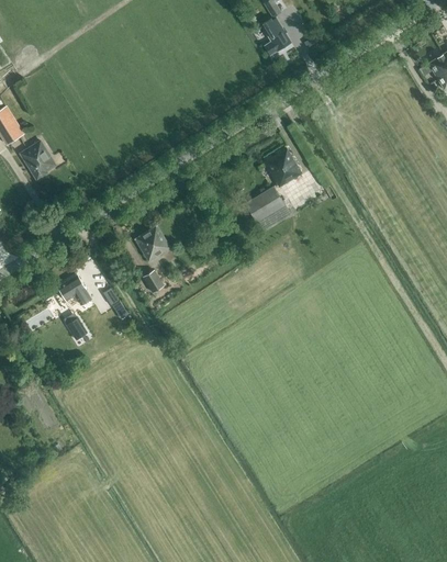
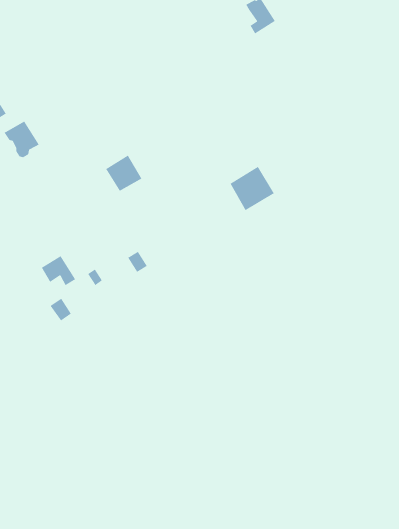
building: [264,148,302,187] -> none
building: [134,224,171,261] -> [105,154,143,192]

